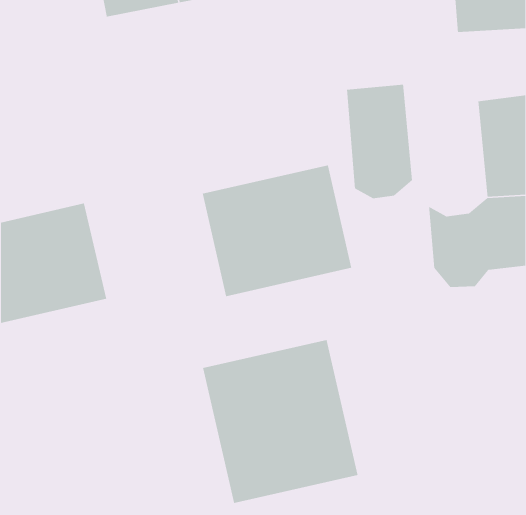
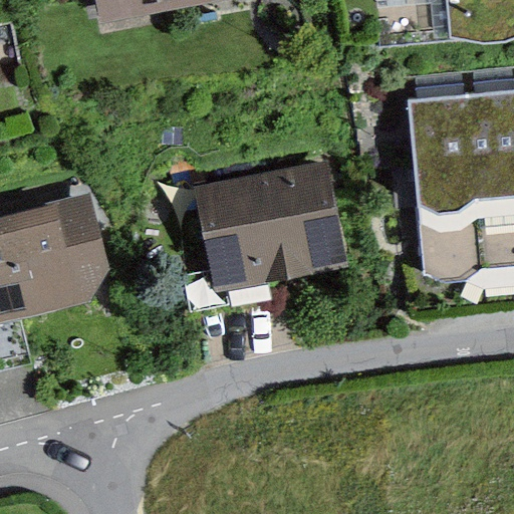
building: [346,84,413,199] -> [410,98,475,211]
building: [202,339,358,504] -> none

